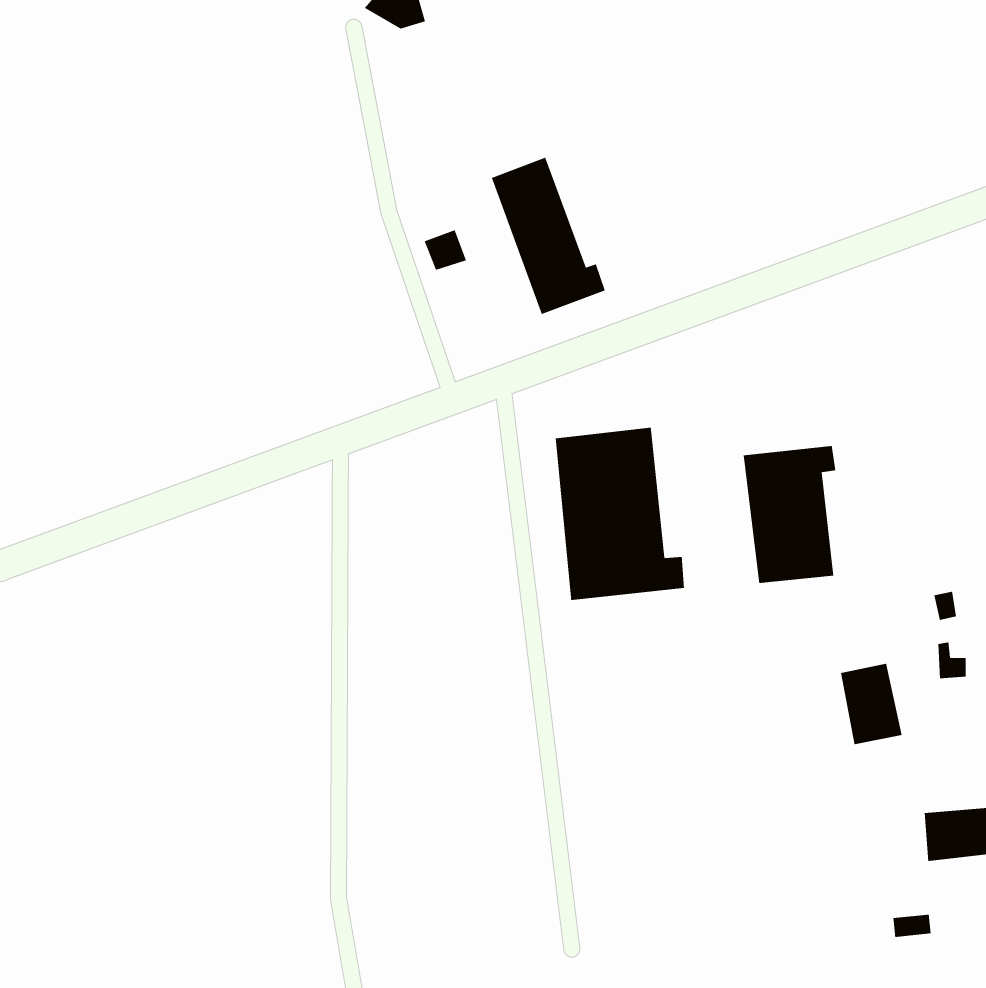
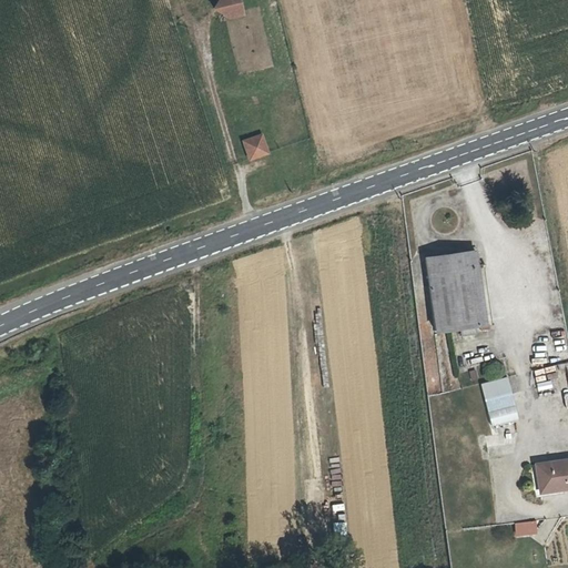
building: [491,157,606,315] -> none
building: [555,427,684,601] -> none

